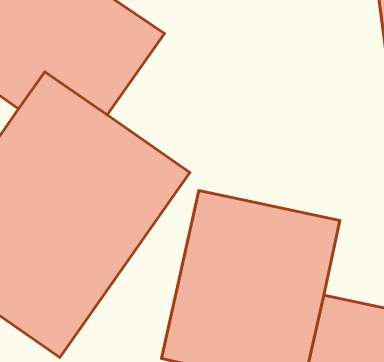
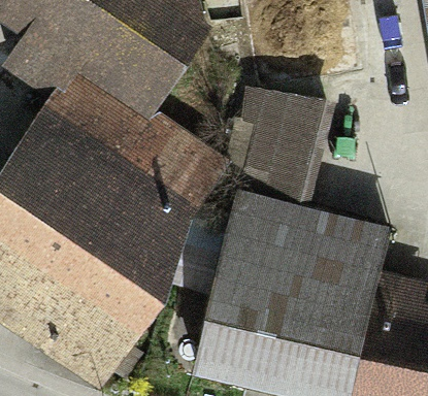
building: none -> [232,87,324,209]

